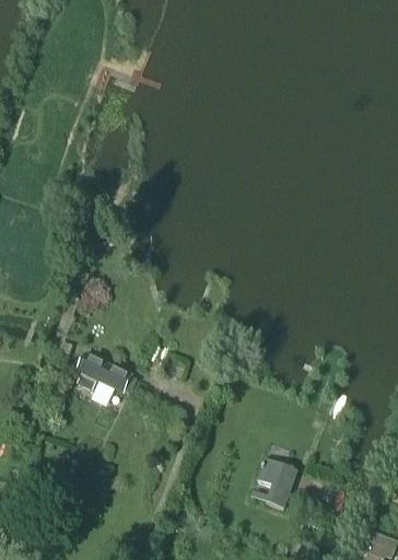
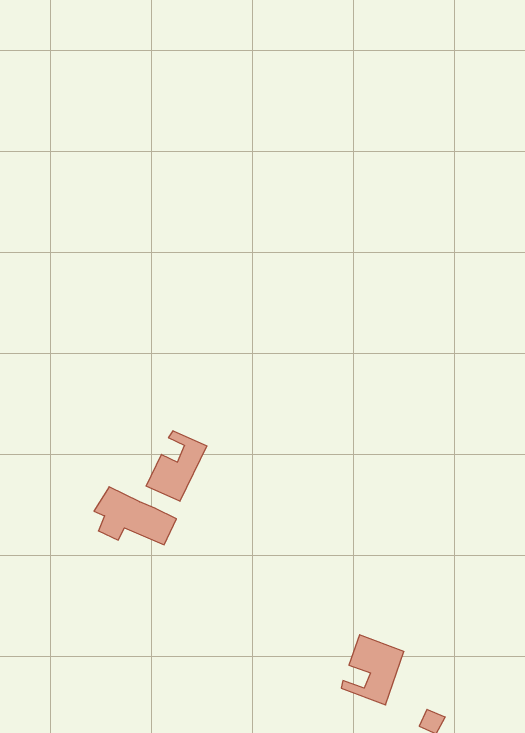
building: none -> [146,431,207,501]

